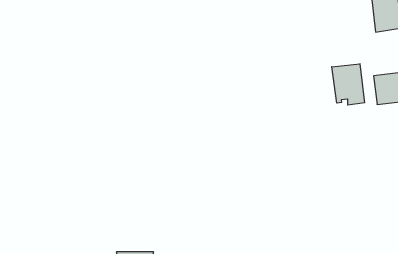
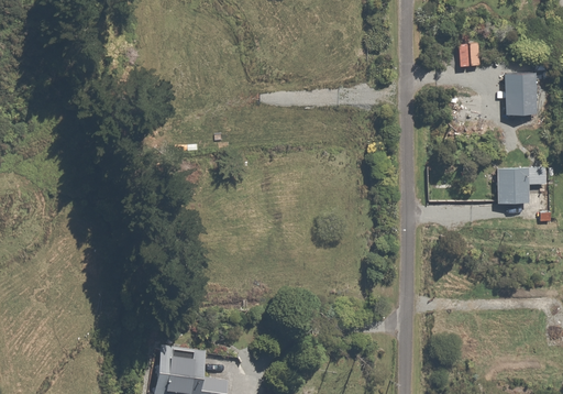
building: [332,64,365,105] -> none

